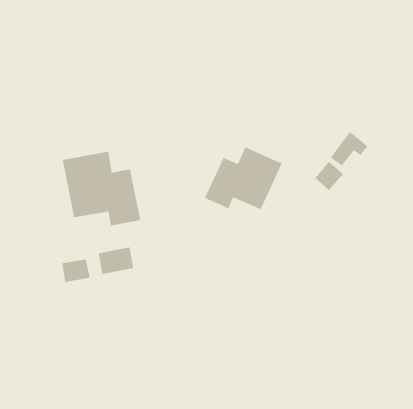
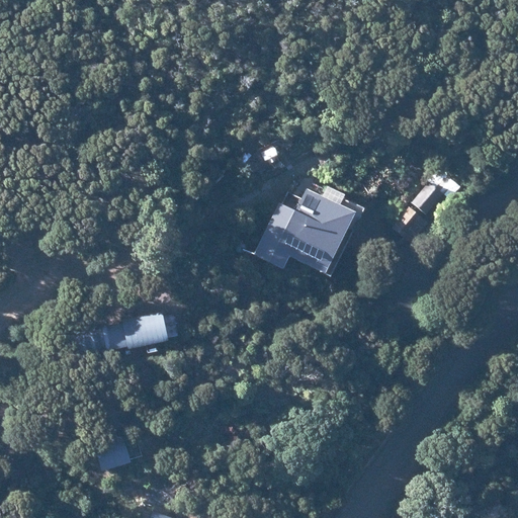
building: [62,151,141,226] -> none

